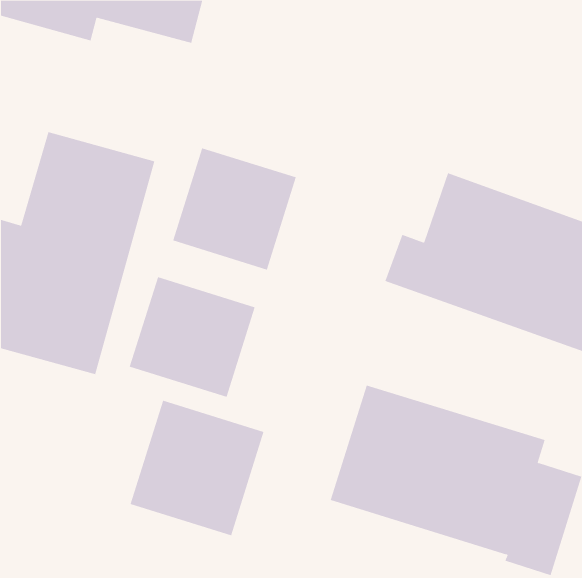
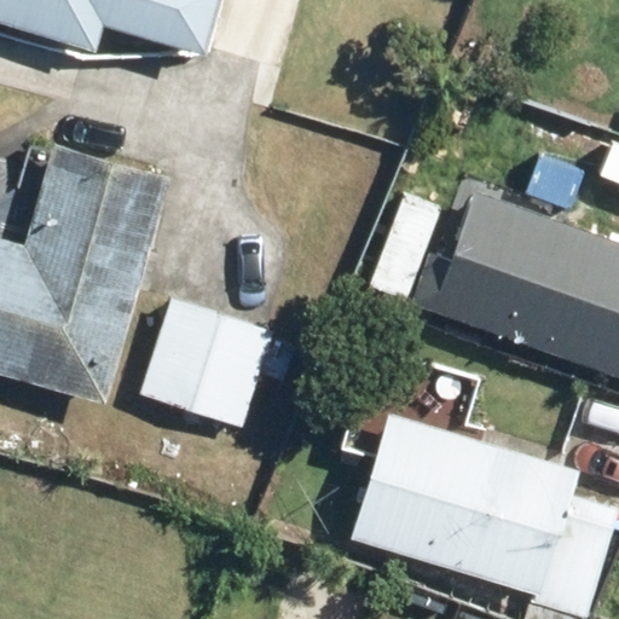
building: [173,147,297,270] -> none
building: [130,400,264,536] -> none

